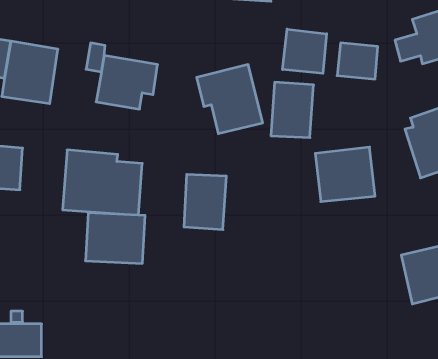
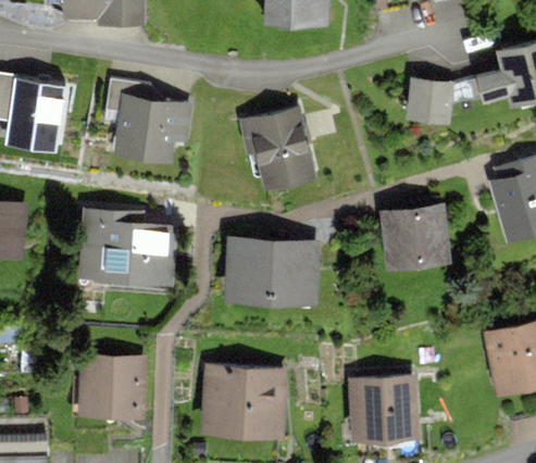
building: [283,29,327,73] -> none
building: [271,82,314,138] -> [270,239,321,305]
building: [85,213,145,263] -> [77,355,149,416]
building: none -> [200,364,289,437]
building: none -> [348,375,420,438]

